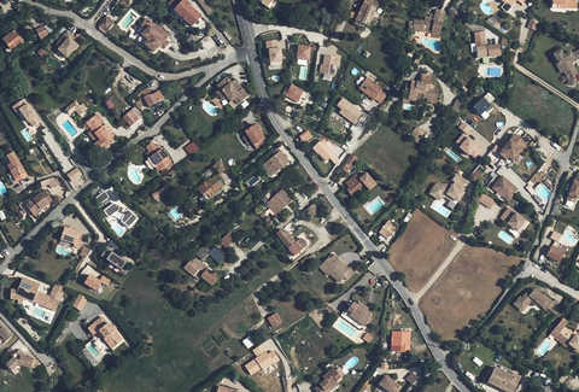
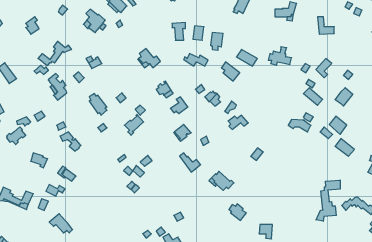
building: none -> [38,41,71,66]
building: none -> [316,180,340,221]

